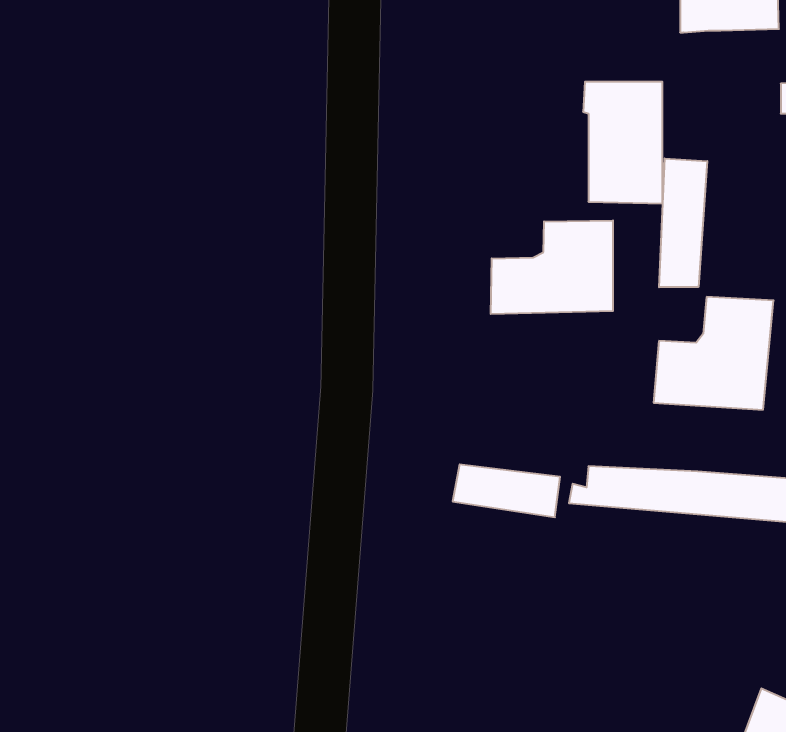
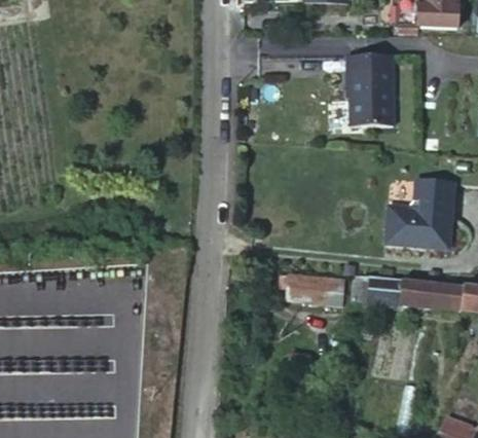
building: [659,158,707,287] -> none
building: [491,220,613,314] -> none

